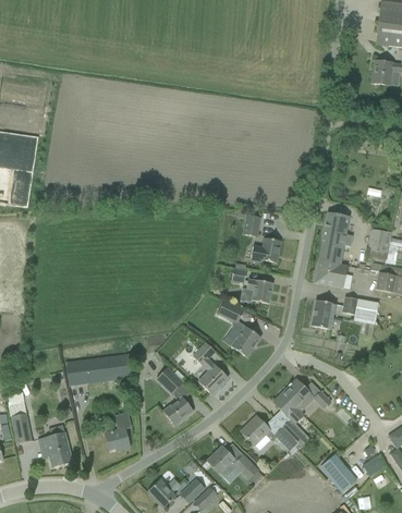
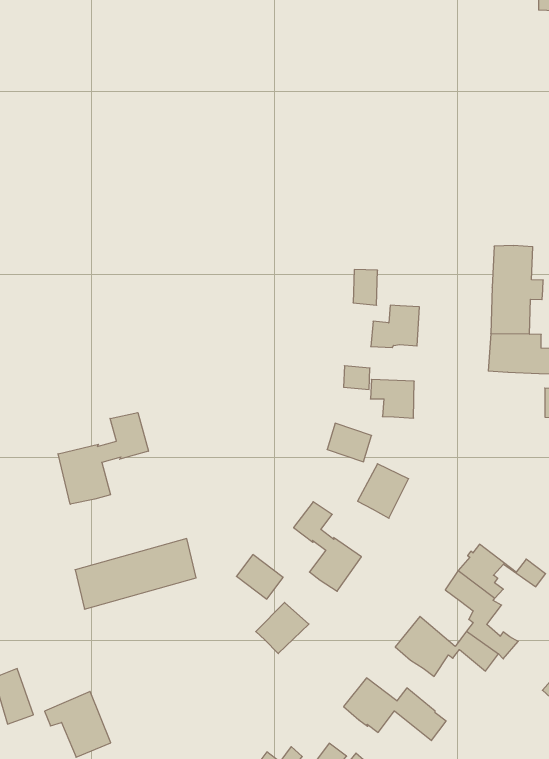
building: none -> [58,413,148,504]
building: [310,298,334,328] -> none
building: [105,411,131,449] -> none

